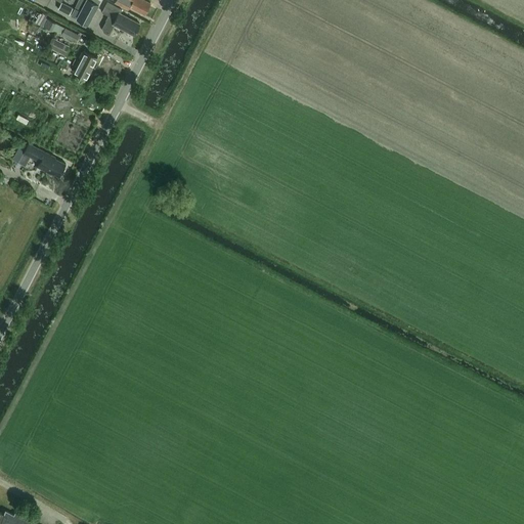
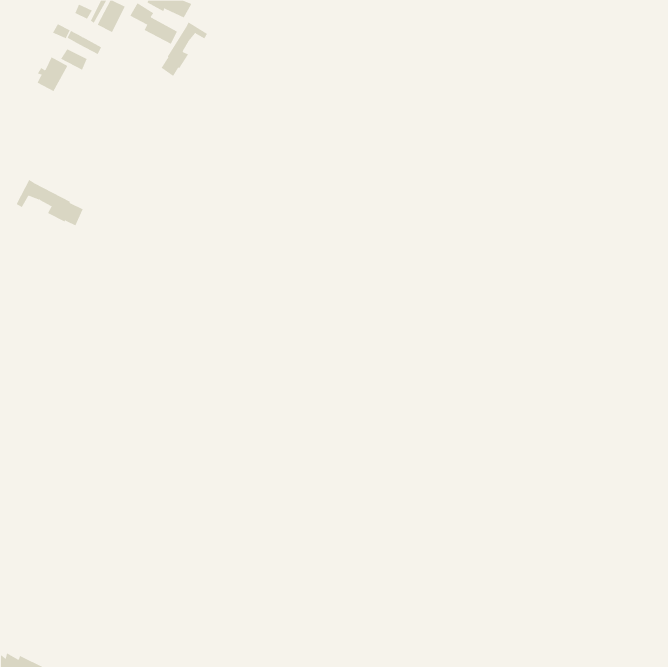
building: none -> [161,21,208,77]
building: [73,52,97,80] -> [37,57,68,92]

